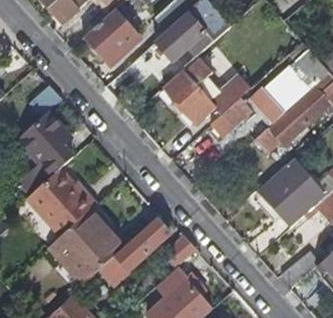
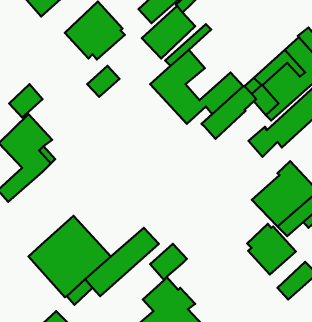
building: [27,167,98,235] -> none
building: none -> [247,224,296,275]

